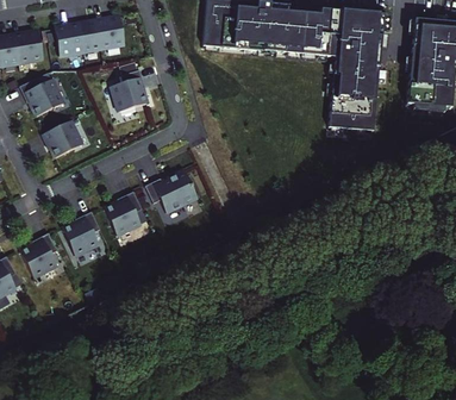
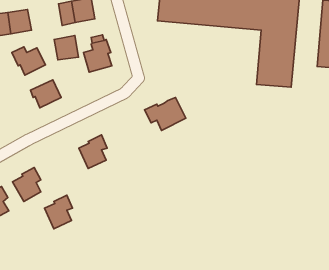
building: [52,25,83,56] -> [54,36,78,60]
building: [144,171,196,213] -> [145,98,186,130]
building: [63,212,99,255] -> [45,195,73,229]

